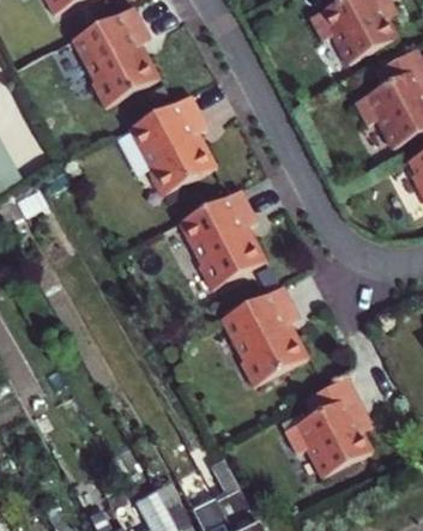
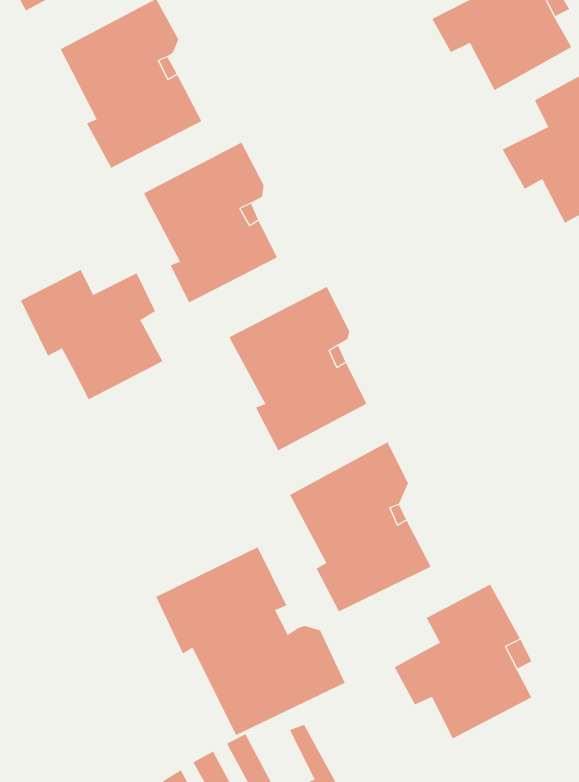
building: none -> [20,269,163,400]
building: none -> [155,546,346,736]

